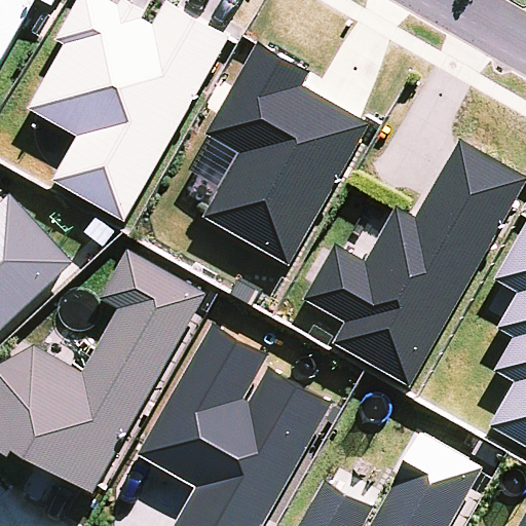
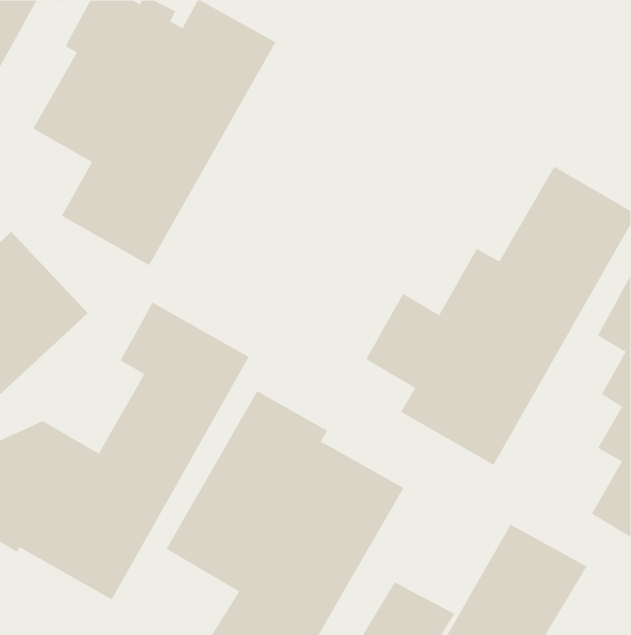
building: [200,40,369,266] -> none

